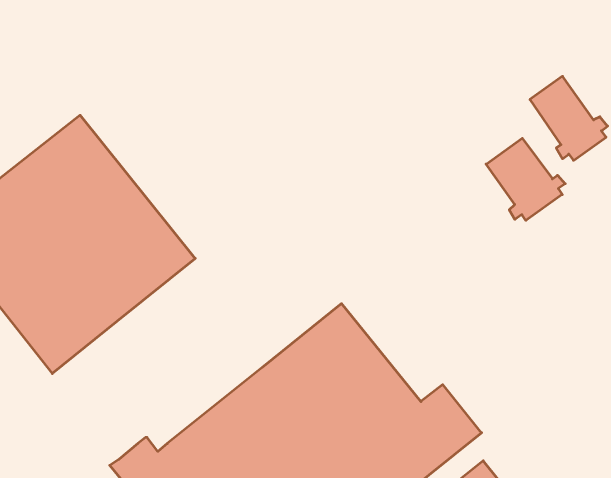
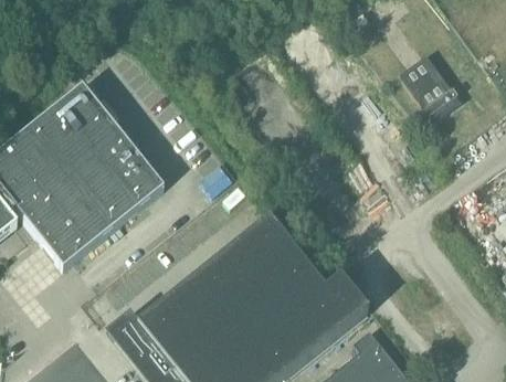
building: [486,138,565,220] -> none

